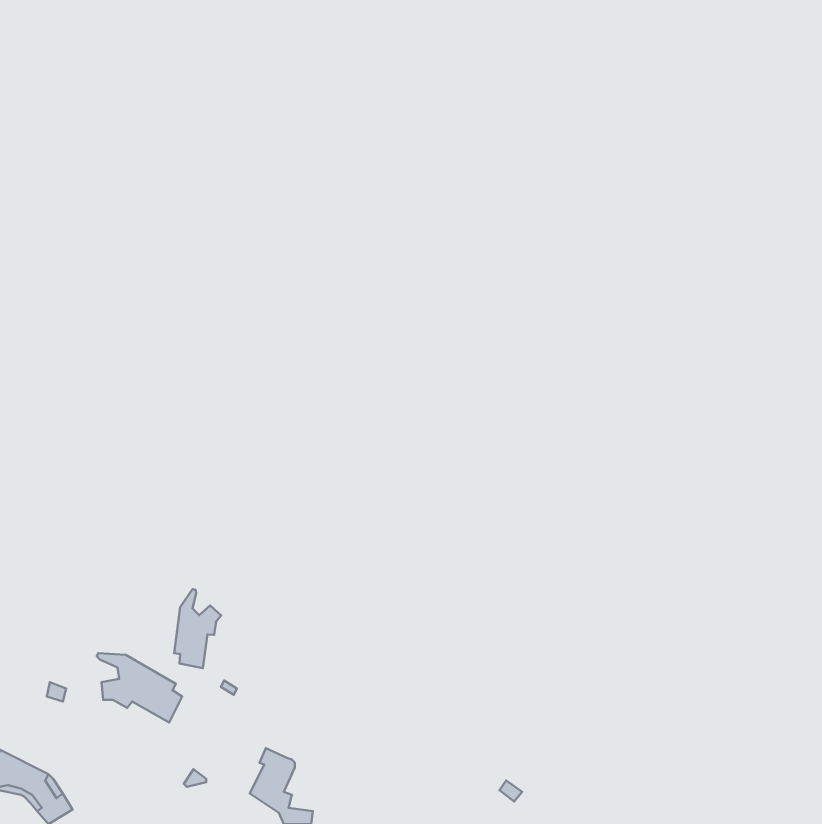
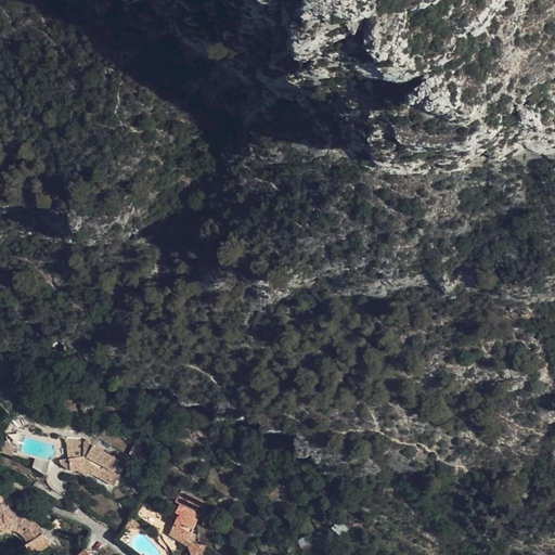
building: [174,589,221,668] -> none

